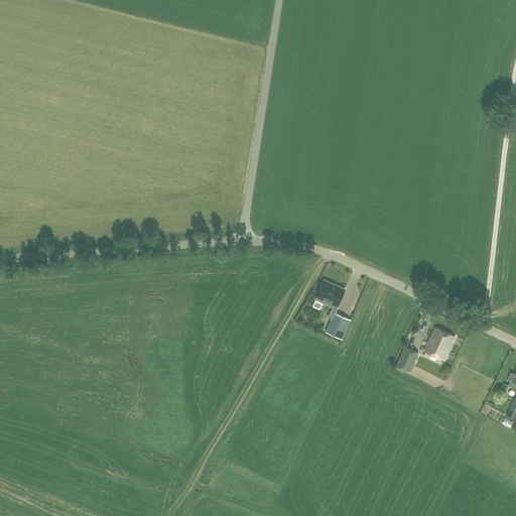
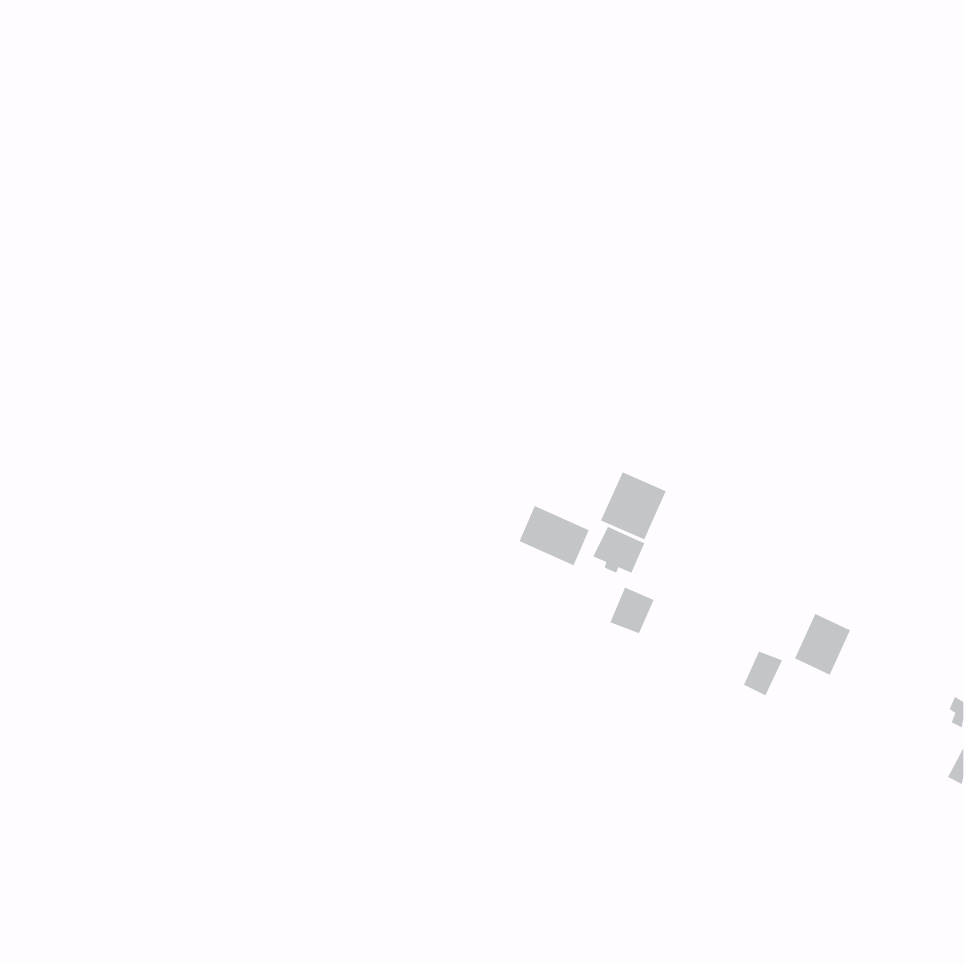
building: none -> [600,472,667,540]
building: none -> [519,505,589,566]

